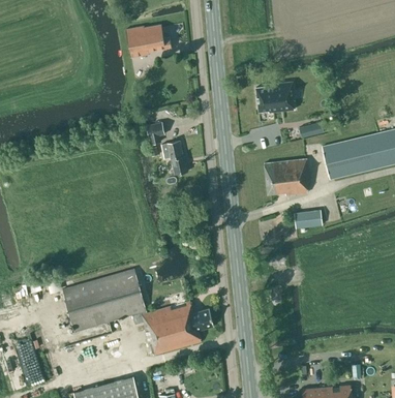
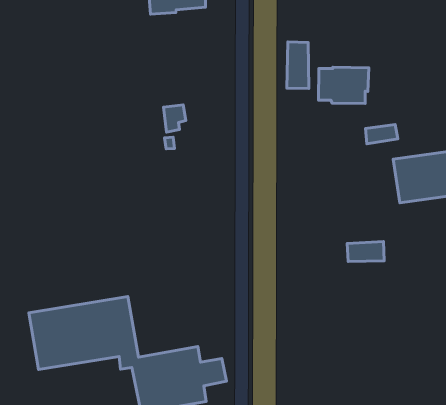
building: none -> [287,42,309,88]
building: [161,140,187,174] -> none
building: [264,158,308,194] -> none

